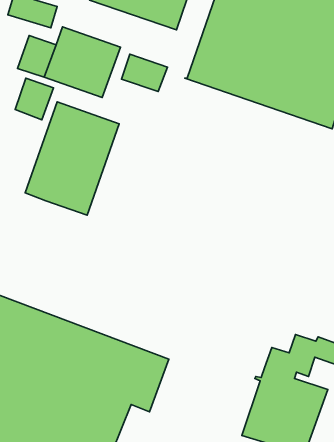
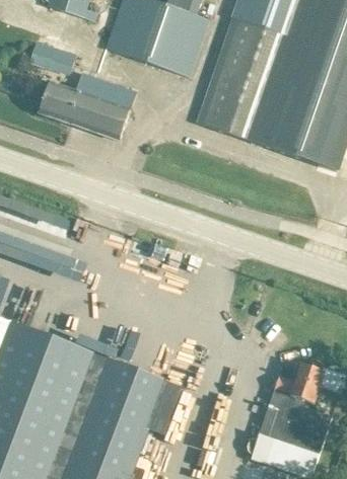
building: [121,54,168,91] -> none
building: [15,78,53,120] -> none
building: [25,102,119,215] -> none

